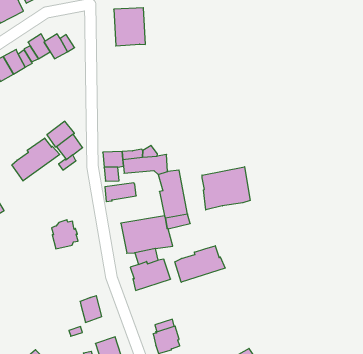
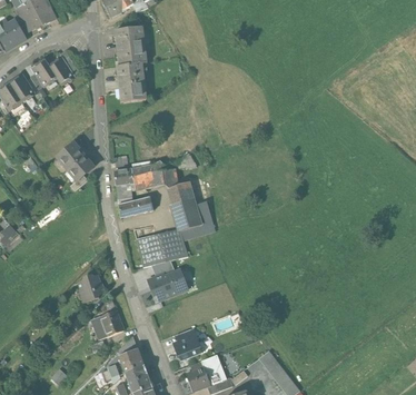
building: none -> [116,62,146,101]
building: [12,138,60,181] -> none
building: [202,167,250,210] -> none
building: [52,220,78,249] -> [77,274,103,303]
building: [175,246,225,282] -> none

